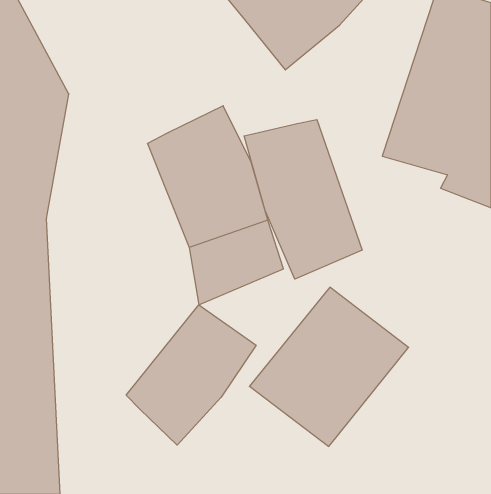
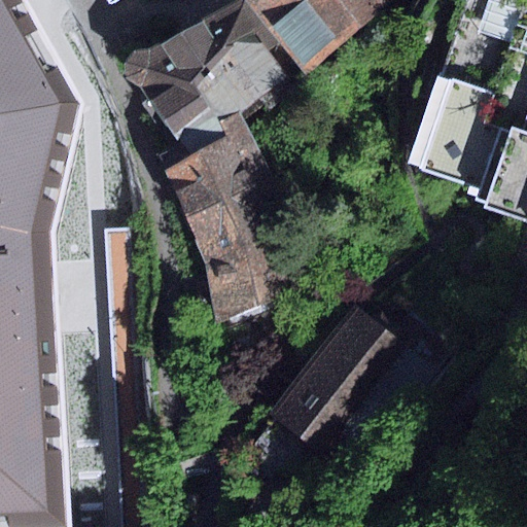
building: none -> [119,8,303,141]
building: [244,120,362,279] -> none
building: [126,305,256,445] -> none

